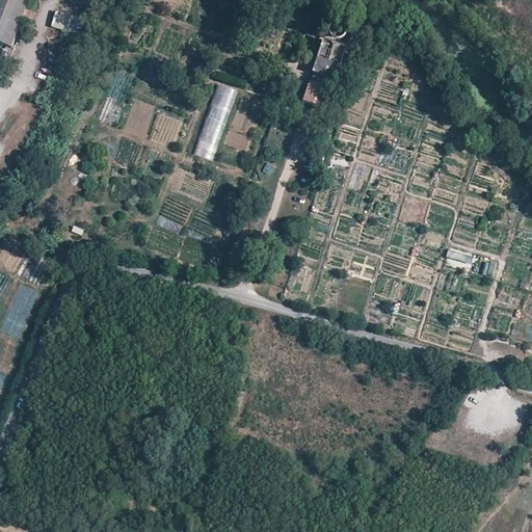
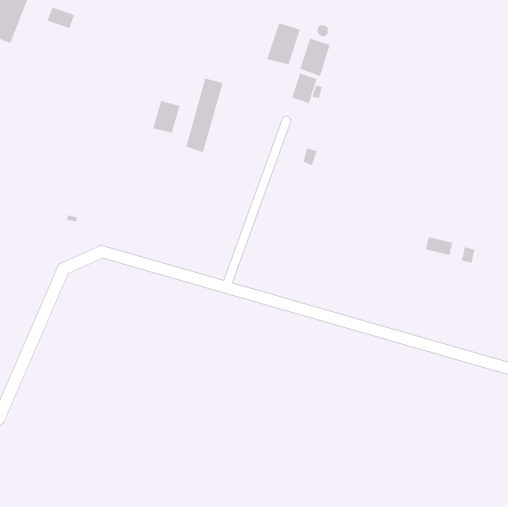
building: none -> [266,23,300,65]
building: none -> [152,100,180,133]

